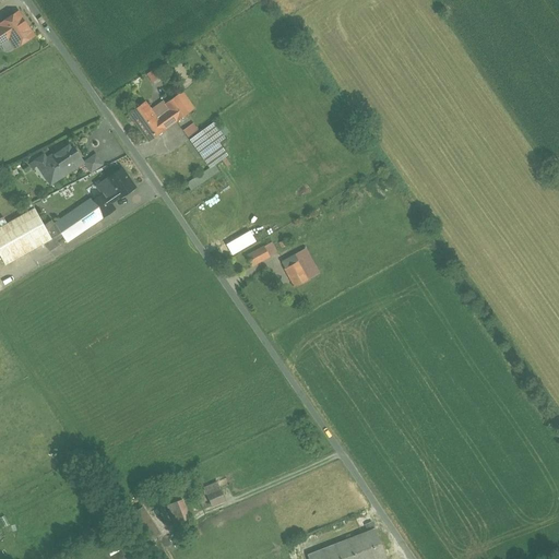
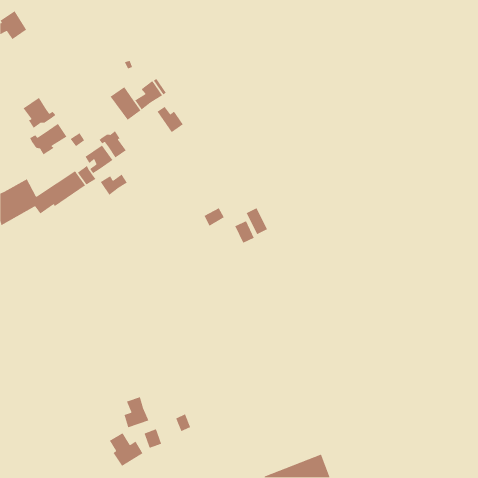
building: none -> [22,97,57,129]
building: none -> [99,130,127,159]
building: none -> [100,173,128,196]
building: none -> [123,396,149,428]

